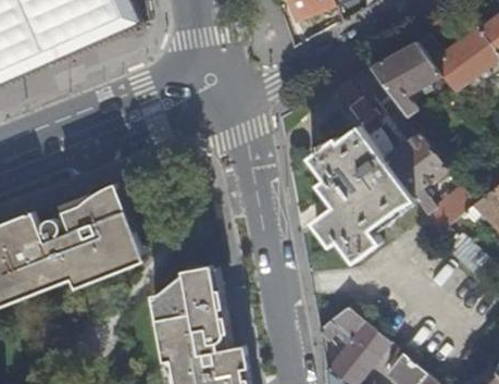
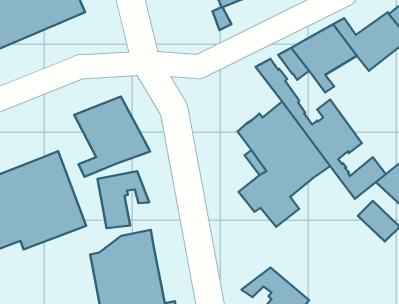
building: none -> [74,96,150,177]
building: none -> [98,171,149,228]

